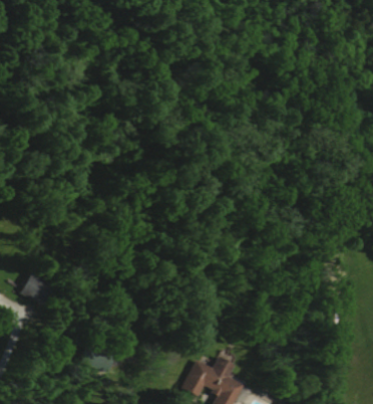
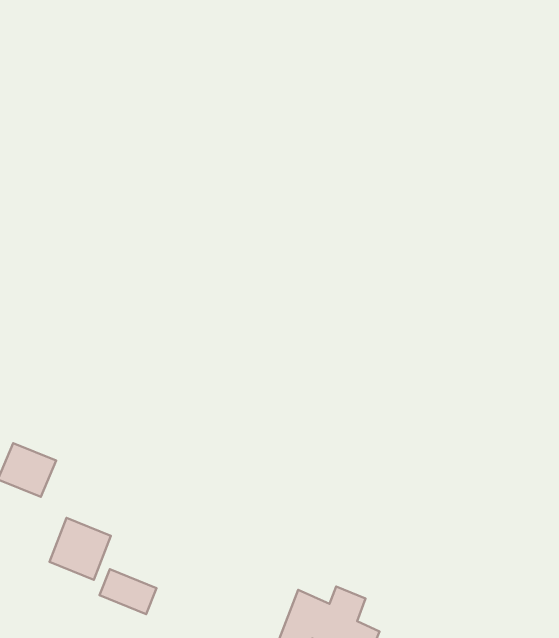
building: none -> [50,518,111,580]

